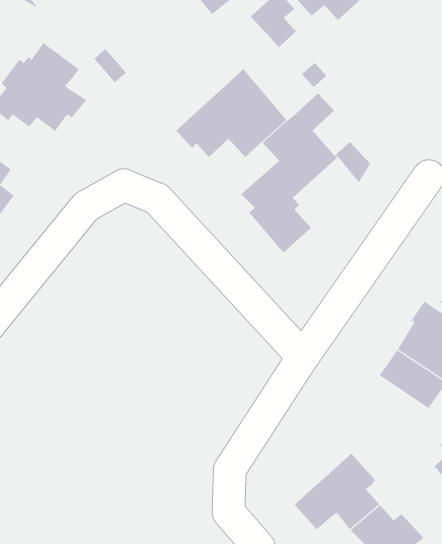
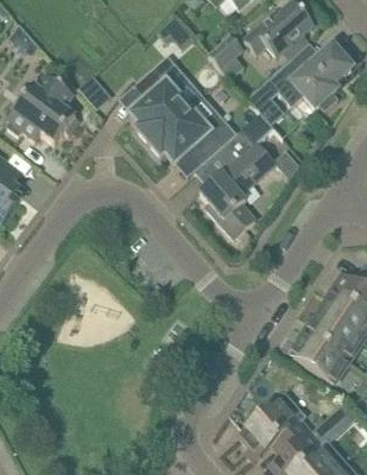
building: none -> [267,46,352,110]
building: none -> [131,56,202,142]
building: none -> [293,334,347,381]

